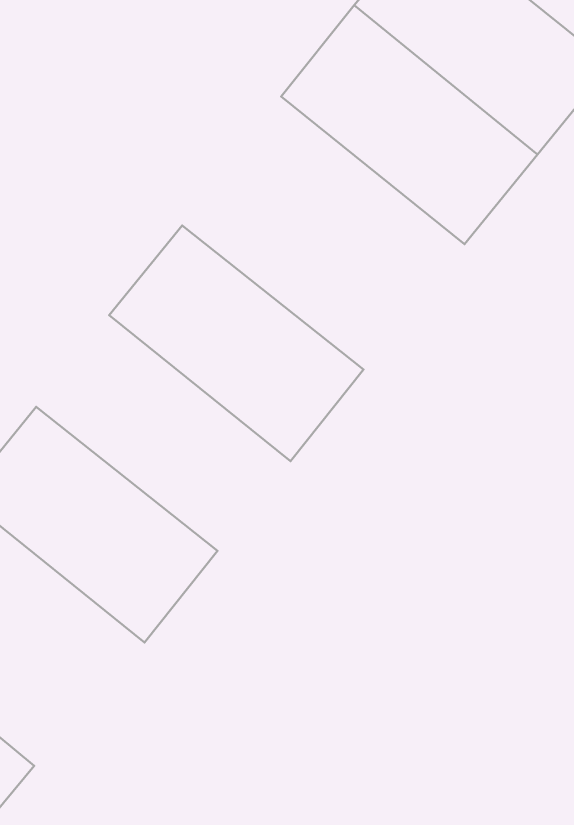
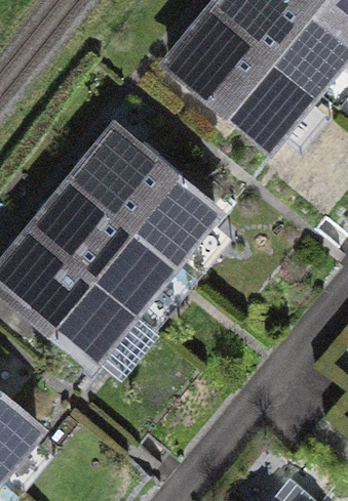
building: none -> [35,178,175,307]

